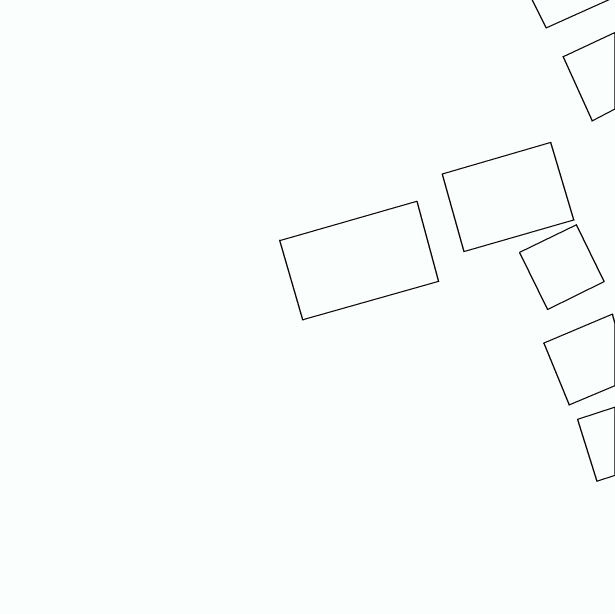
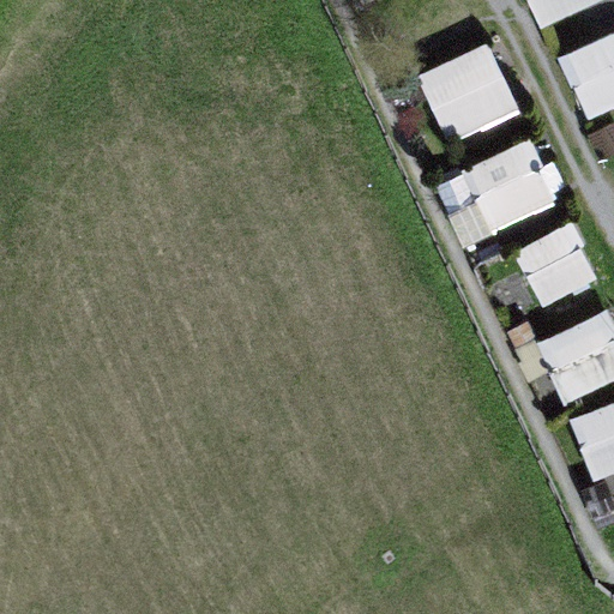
building: none -> [417,41,522,145]
building: [280,201,439,320] -> none

